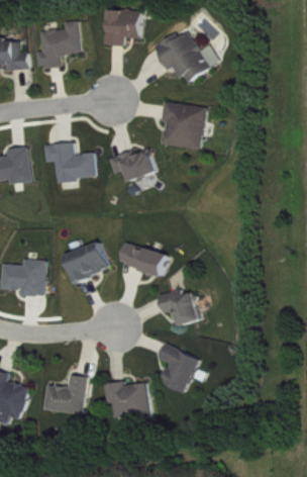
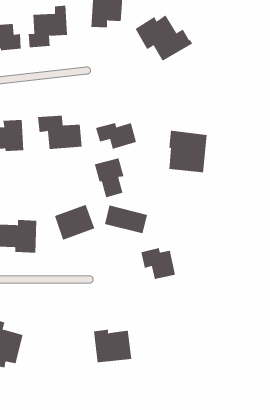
building: [161,101,204,149] -> [168,130,207,173]
building: none -> [94,158,124,198]
building: [157,344,200,393] -> none
building: [44,375,87,413] -> none

